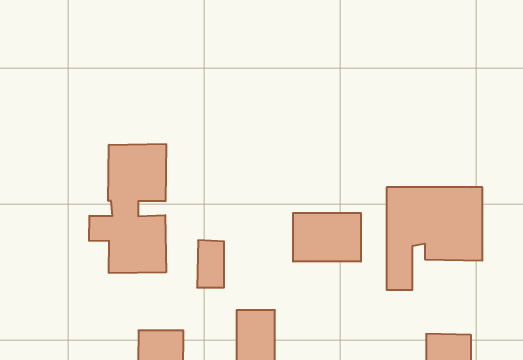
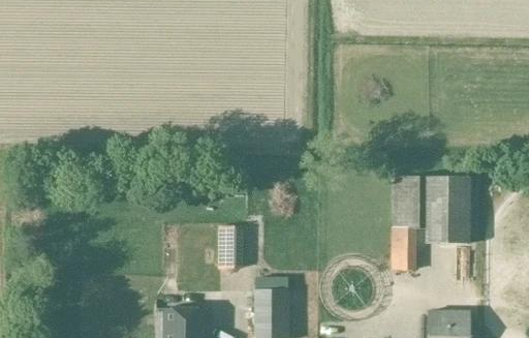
building: [89,144,166,273] -> none
building: [293,213,361,262] -> none

